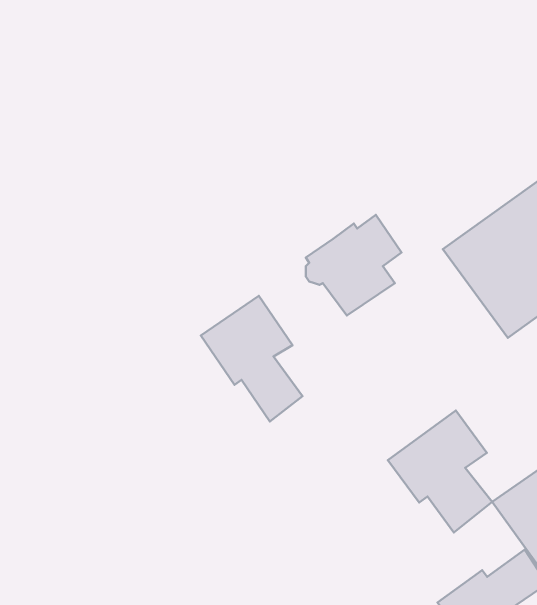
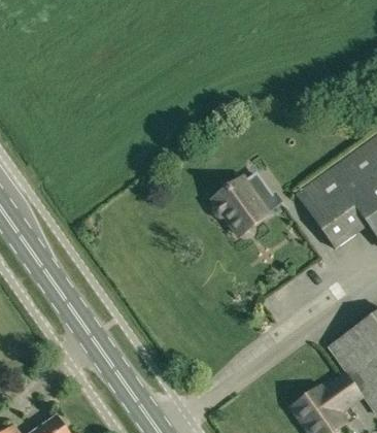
building: [201,296,302,421] -> none
building: [388,410,492,532] -> none

